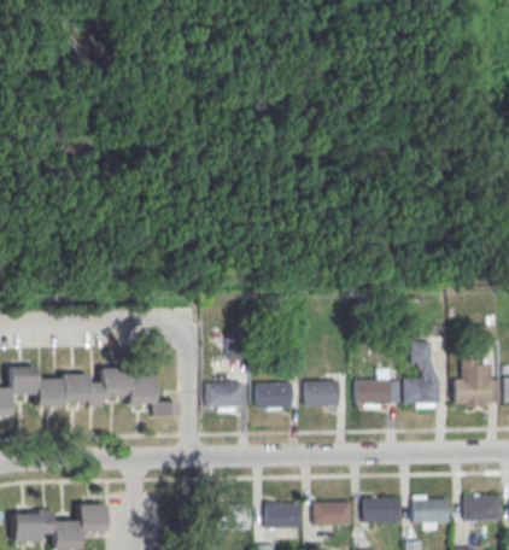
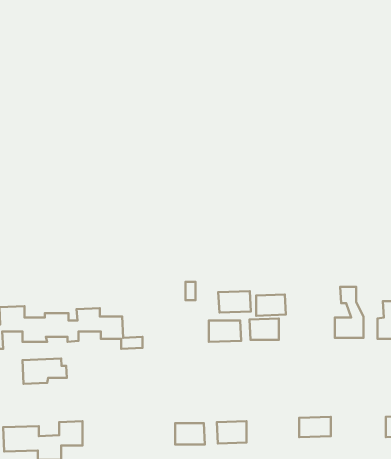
building: [356,379,391,404] -> [256,294,286,316]
building: [205,382,244,408] -> [218,291,251,313]
building: none -> [23,359,67,384]
building: [413,498,451,522] -> none
building: [314,502,352,525] -> none

